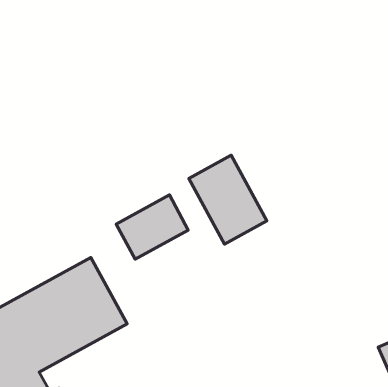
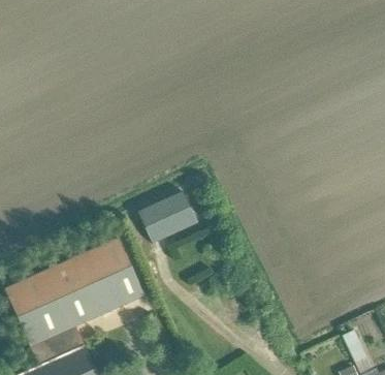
building: [189,155,267,244] -> none

